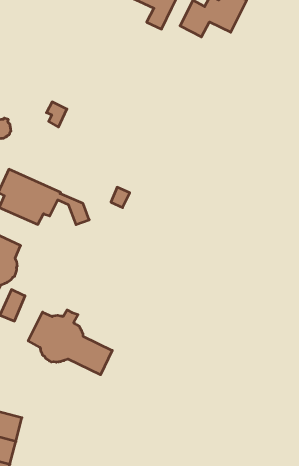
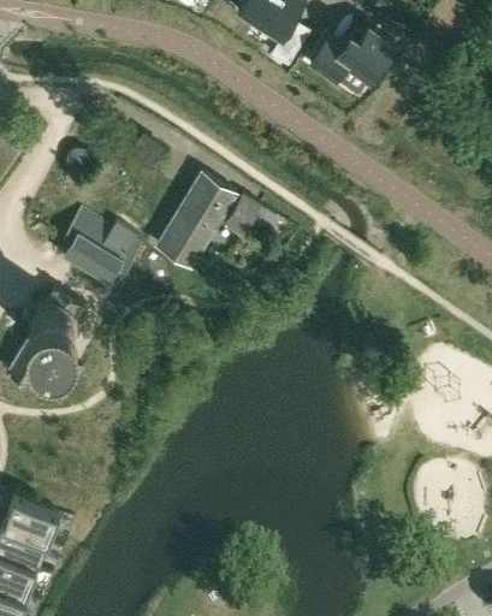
building: none -> [156,172,260,267]
building: [28,310,112,375] -> none

